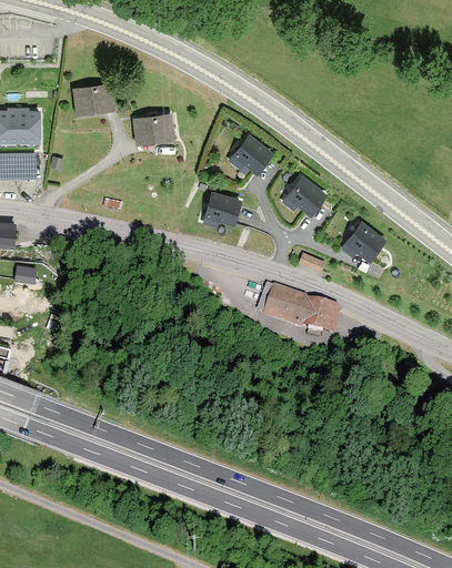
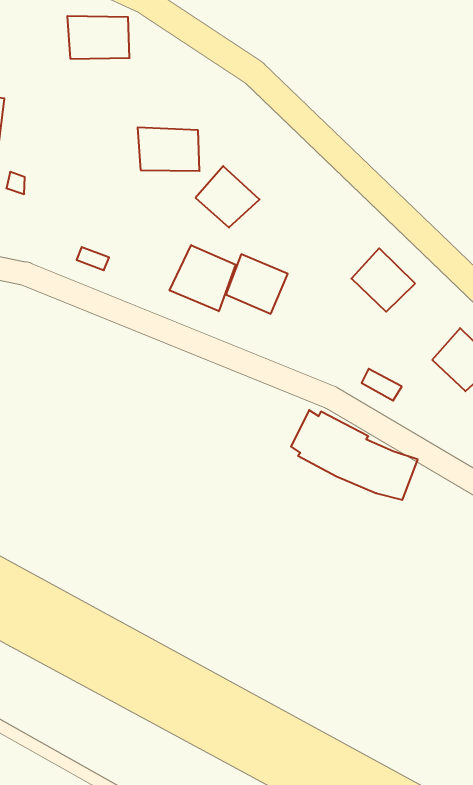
building: [71,83,115,115] -> [67,16,130,59]
building: [231,134,273,174] -> [196,166,260,228]
building: none -> [170,245,236,311]

